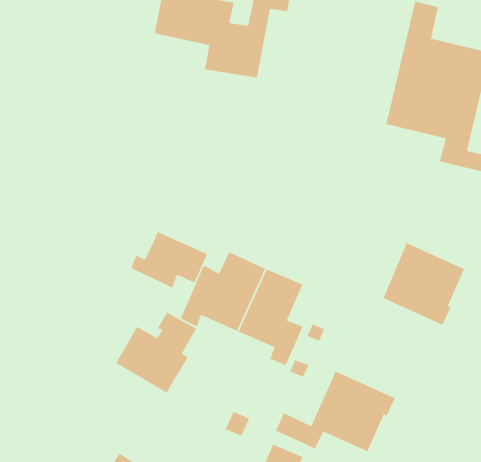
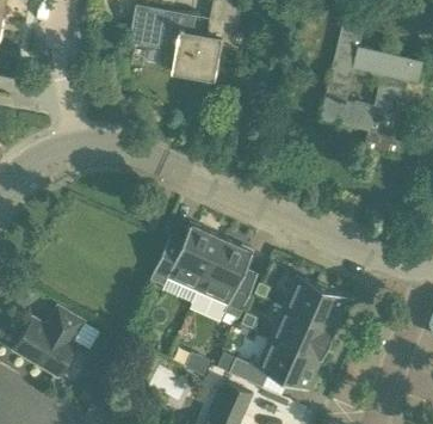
building: [130,231,208,288] -> none
building: [382,241,467,326] -> [279,275,350,345]
building: [115,311,197,393] -> [16,307,83,375]

